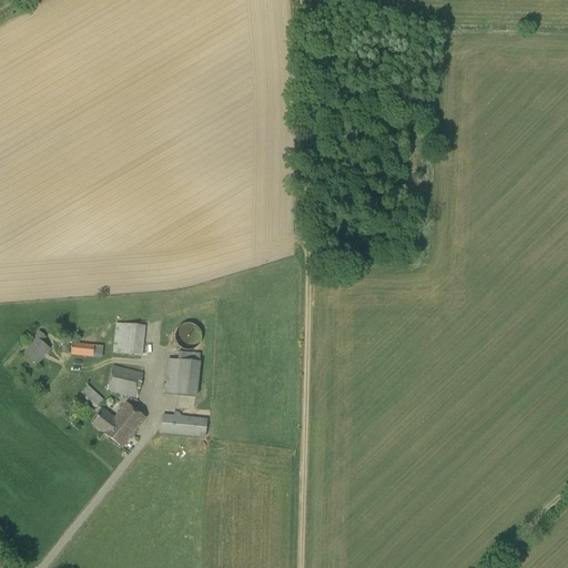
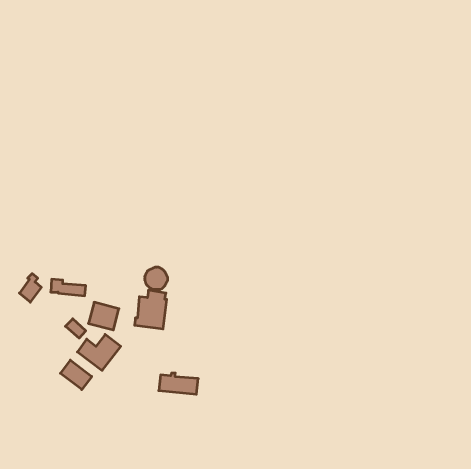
building: [113,322,145,354] -> none
building: [159,410,206,436] -> [159,373,198,394]
building: none -> [60,360,92,390]

